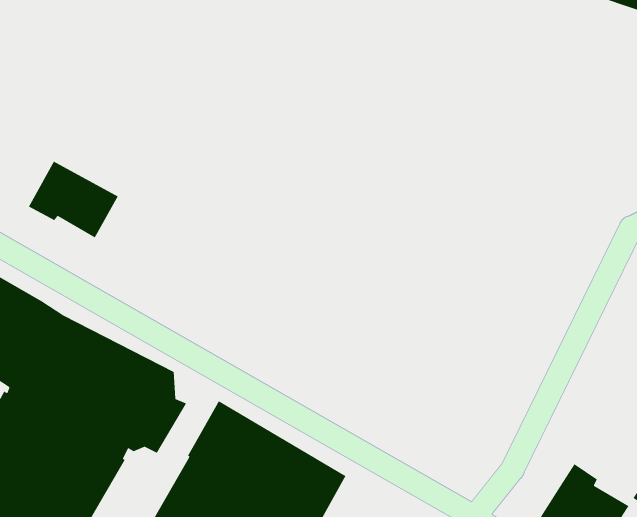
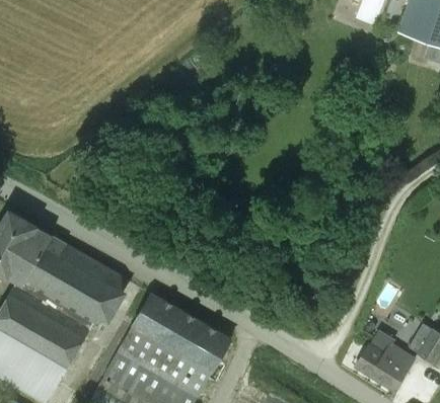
building: [28,160,119,239] -> none

